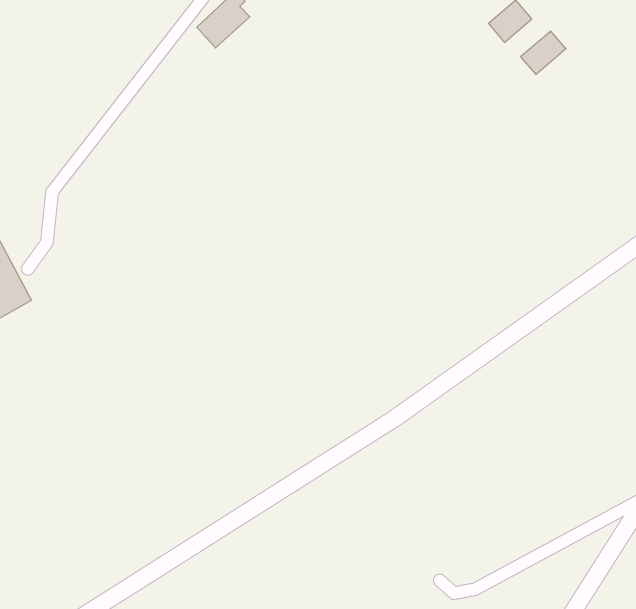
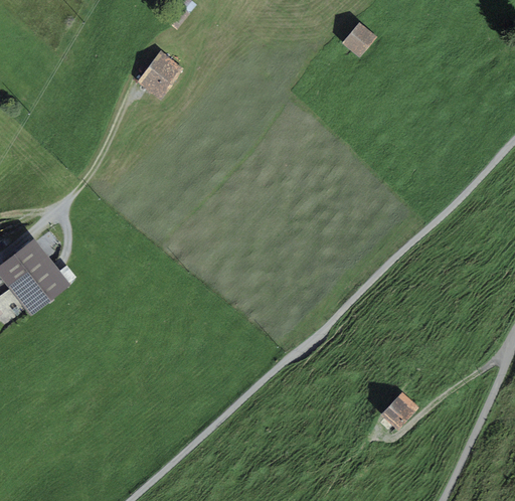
building: [521,31,566,75] -> none
building: none -> [385,395,414,425]

